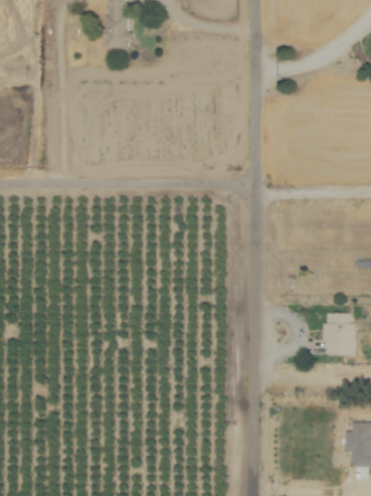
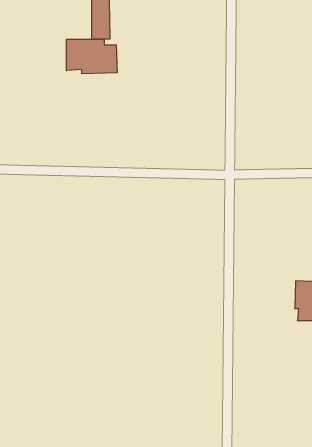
building: none -> [66,39,117,74]

